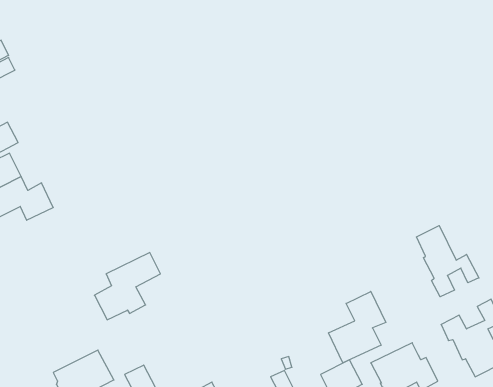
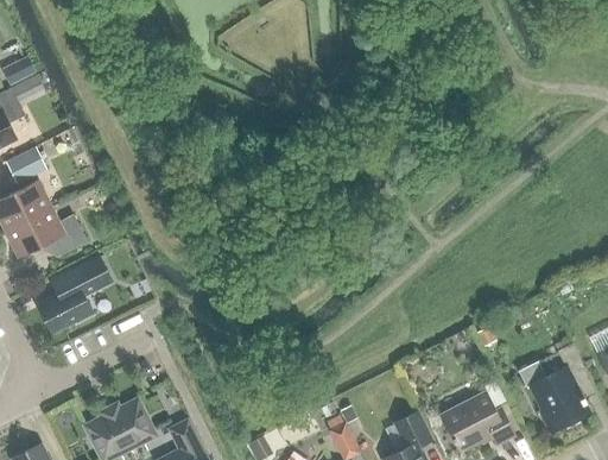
building: [416,226,479,297] -> none
building: [94,253,160,320] -> [38,257,112,332]
building: [329,291,386,363] -> none

